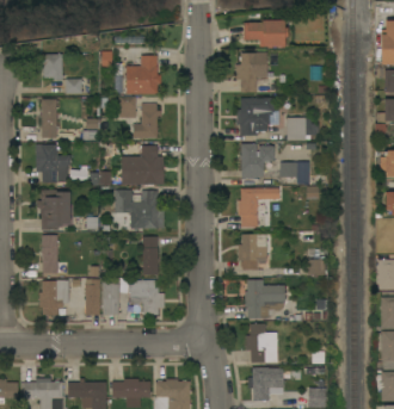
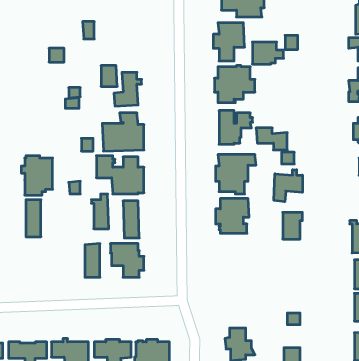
building: [41,54,63,80] -> none
building: [127,55,161,94] -> none
building: [42,99,61,138] -> none
building: [287,118,319,141] -> [252,42,284,64]
building: [36,144,70,182] -> none
building: none -> [274,170,302,202]
building: [82,279,100,315] -> [91,194,109,229]
building: [245,279,285,318] -> none
building: [39,280,69,315] -> none
building: [246,323,277,362] -> none

